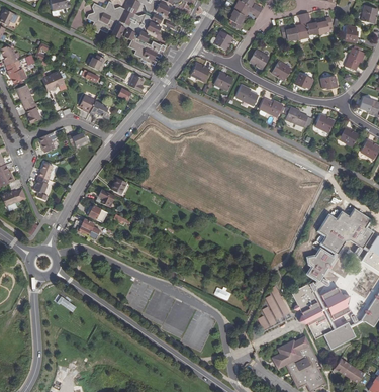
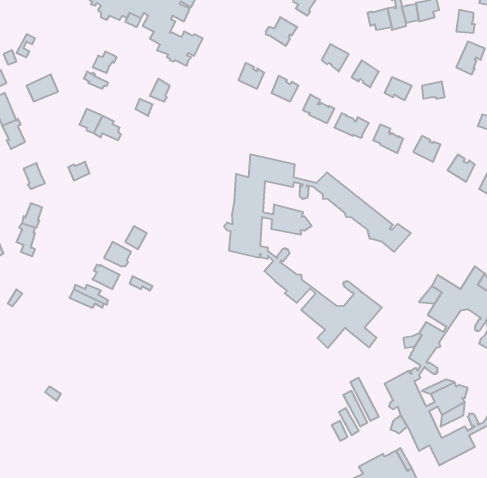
building: none -> [224,154,411,348]

